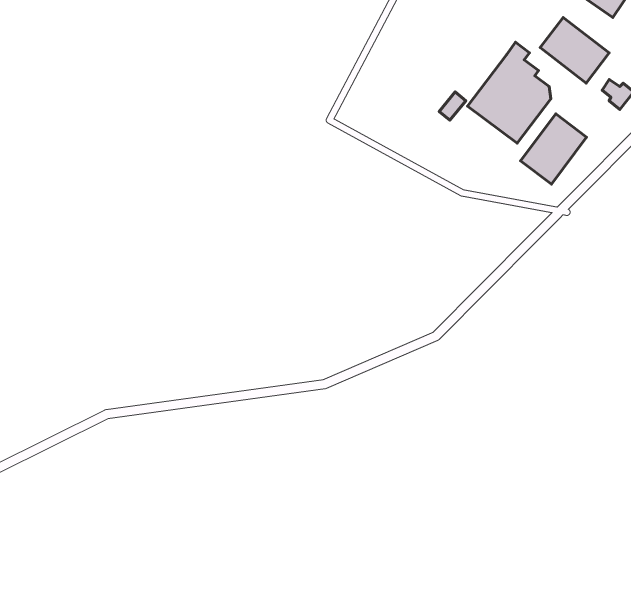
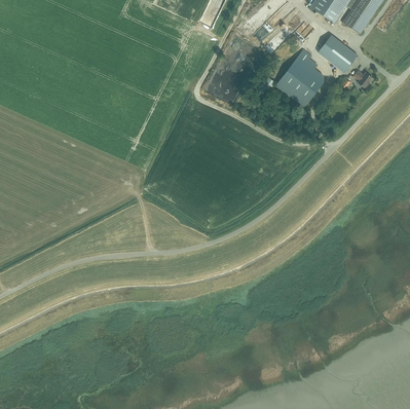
building: [521,114,587,184] -> none

